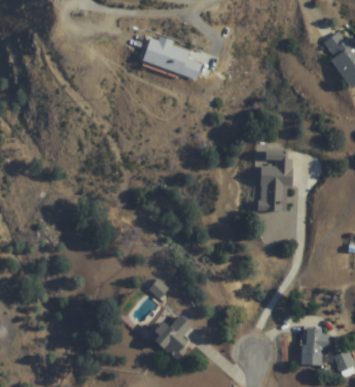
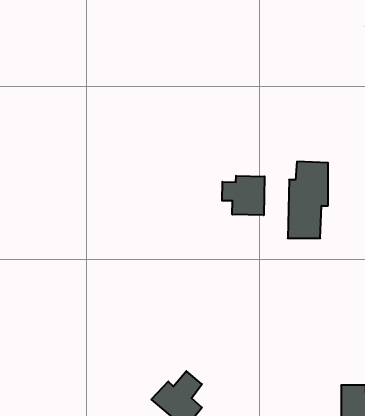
building: [141,35,201,78] -> none
building: none -> [222,176,265,215]

